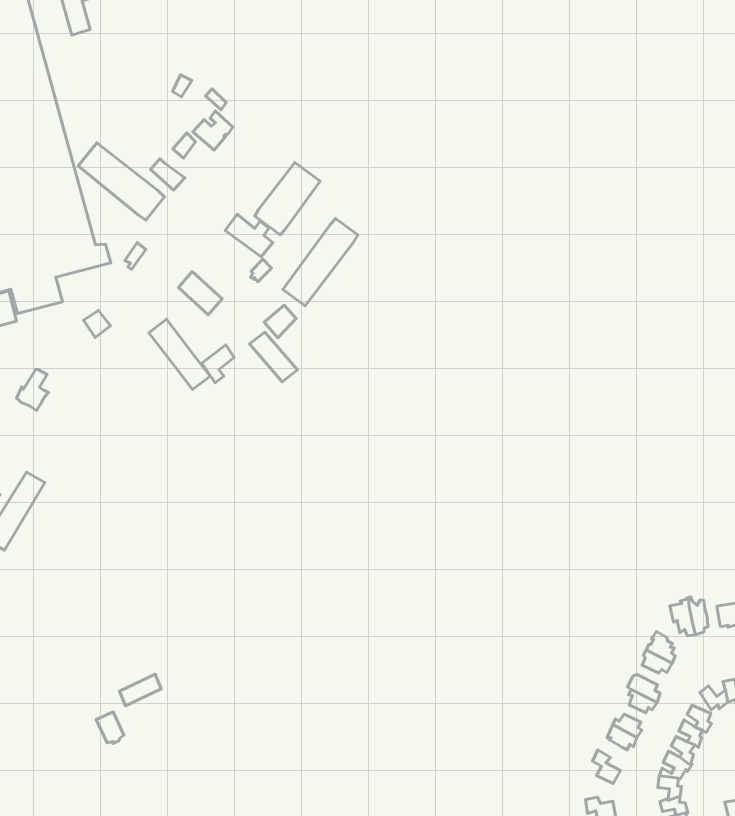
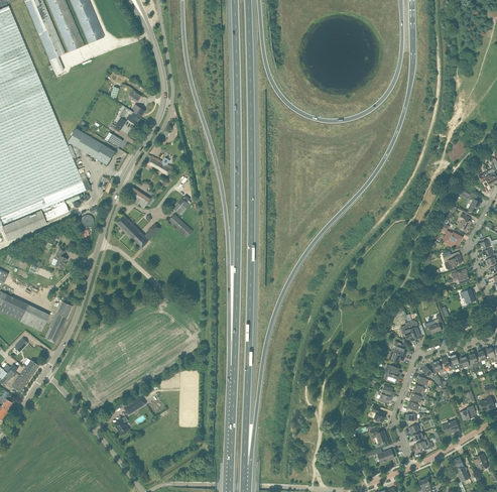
building: [255,163,320,235] -> none
building: [283,218,358,306] -> none

